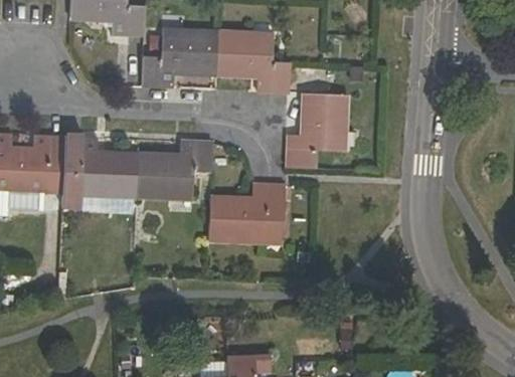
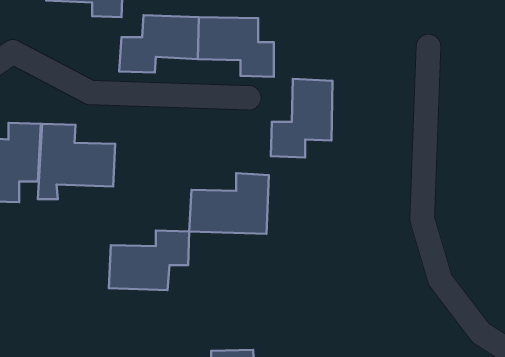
building: [134,142,211,199] -> [109,231,189,290]

